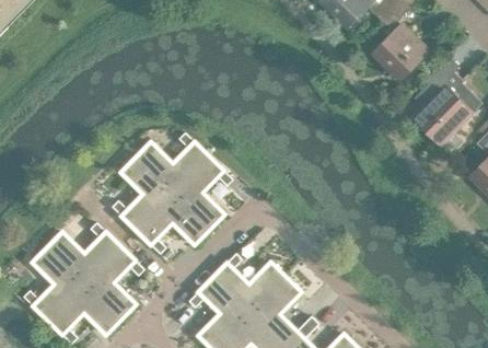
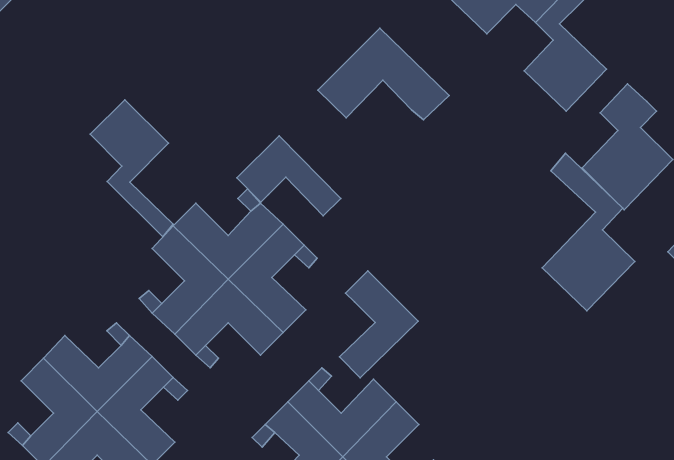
building: none -> [318,28,449,120]
building: none -> [90,100,173,237]
building: none -> [237,136,341,216]
building: none -> [542,153,635,311]
building: none -> [339,271,418,378]

